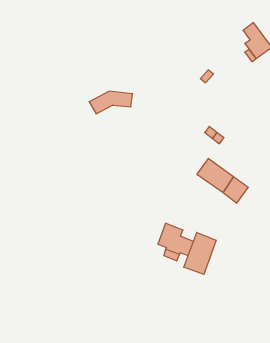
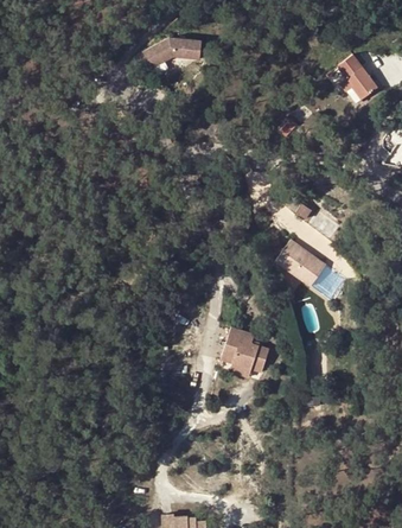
building: [89,91,133,114] -> [143,37,203,68]
building: [184,232,216,274] -> none

